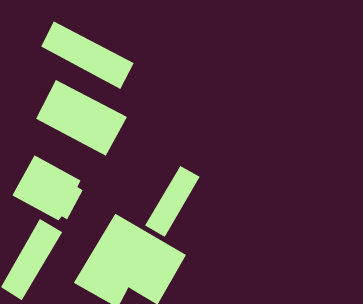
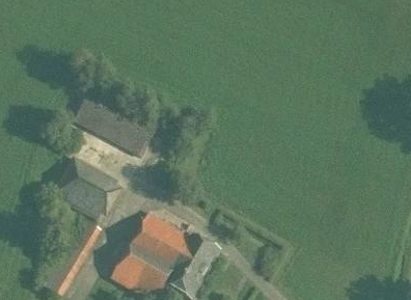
building: [40,21,135,90] -> none
building: [144,165,200,238] -> none

